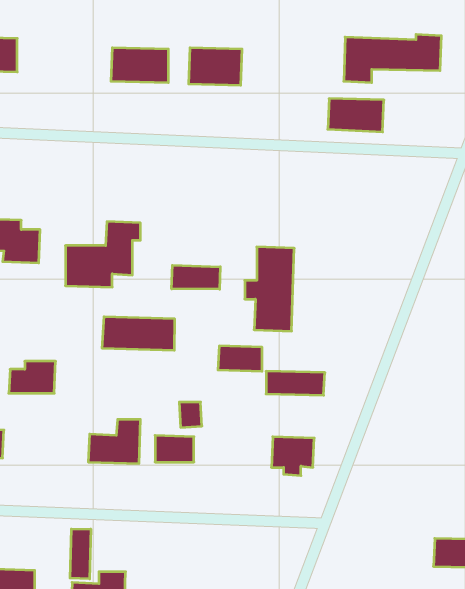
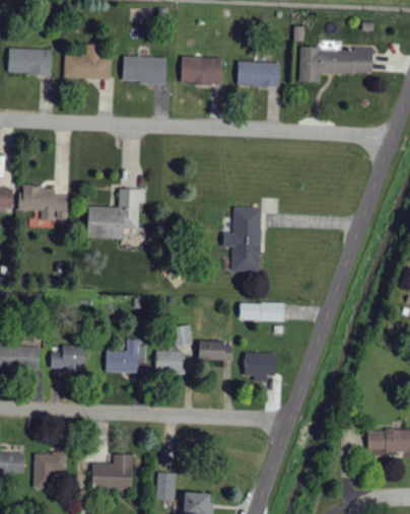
building: none -> [63,45,110,79]
building: [328,99,384,132] -> [236,62,279,87]
building: [172,265,220,289] -> none
building: [102,317,174,350] -> none
building: [218,346,262,371] -> [198,341,231,360]
building: [9,361,56,393] -> [50,345,85,369]
building: [70,529,91,579] -> none

